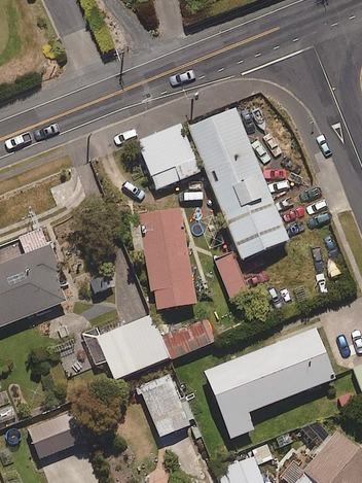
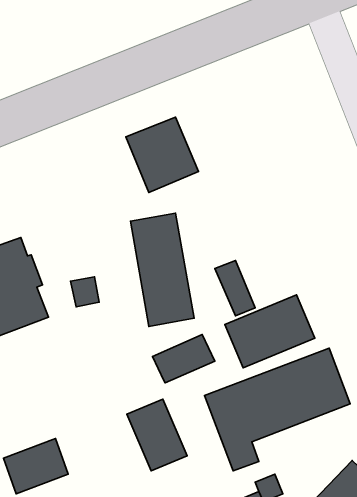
building: [189,108,289,261] -> none
building: none -> [225,295,315,368]
building: [94,314,169,383] -> none

